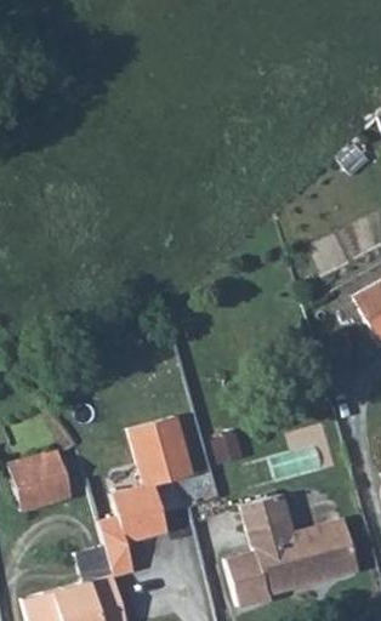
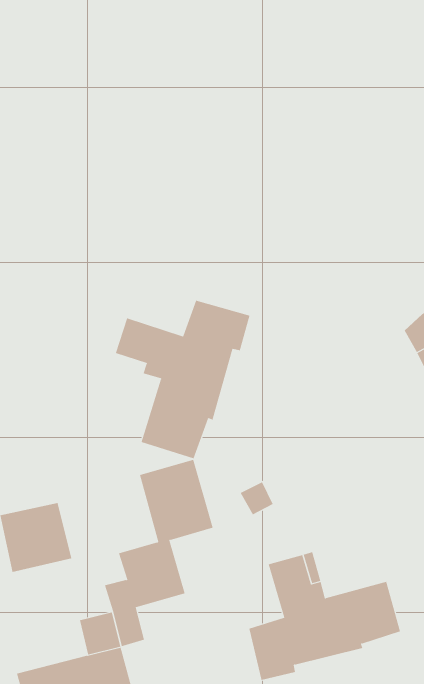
building: none -> [115,300,250,459]

